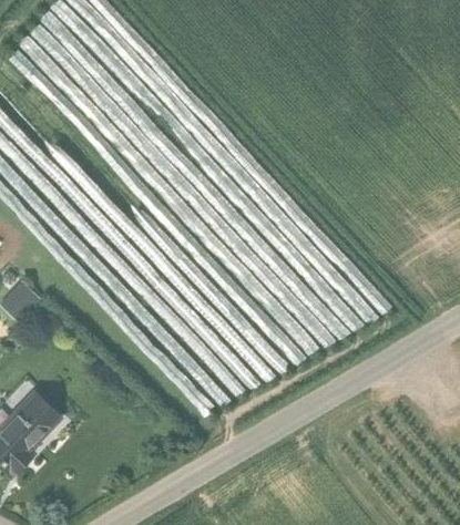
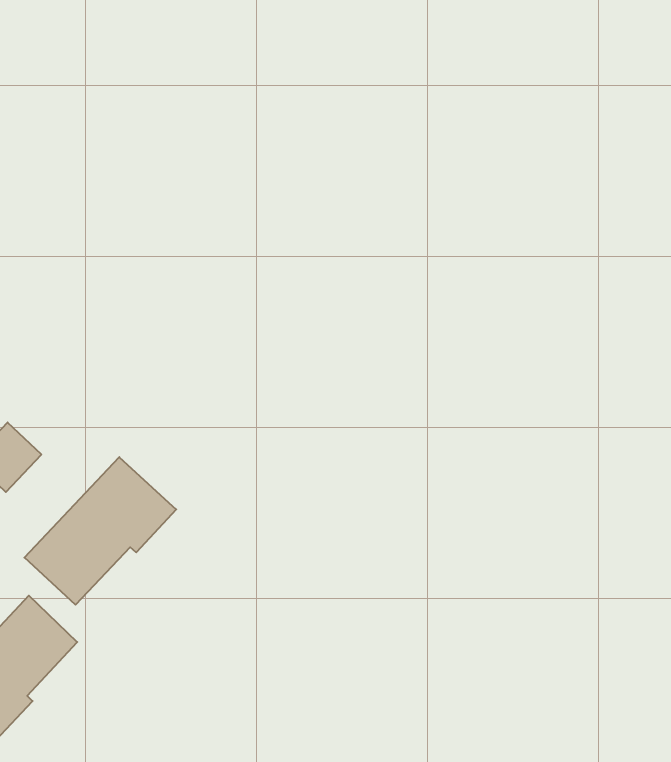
building: none -> [24,457,176,605]

